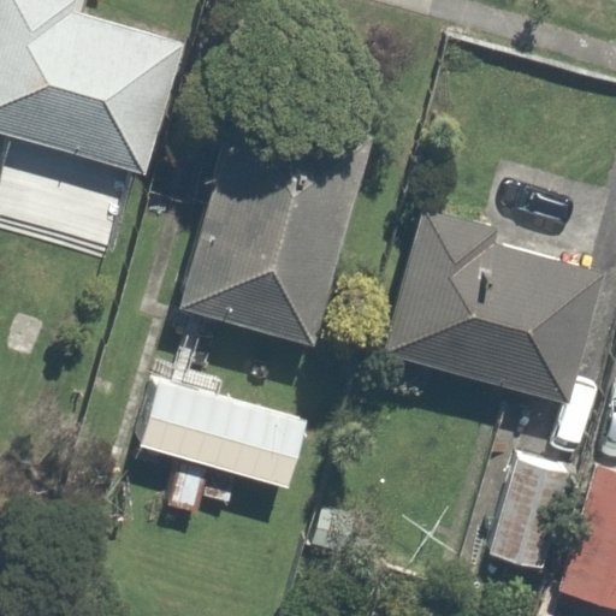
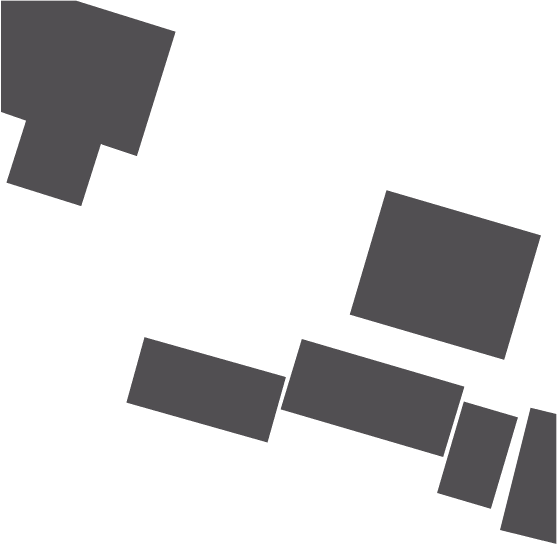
building: [178,112,362,345] -> none
building: none -> [280,338,465,458]

